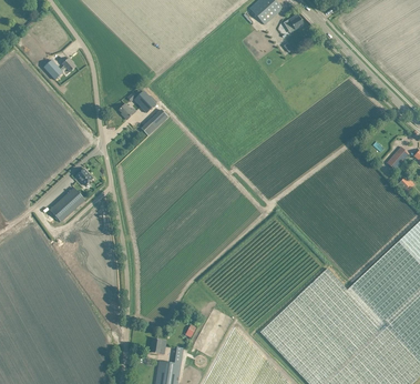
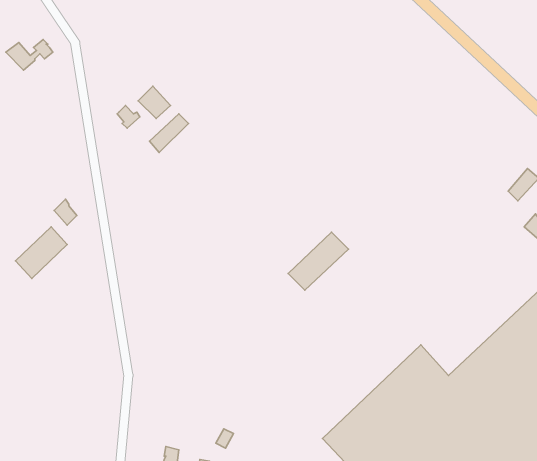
building: none -> [288,232,348,290]

